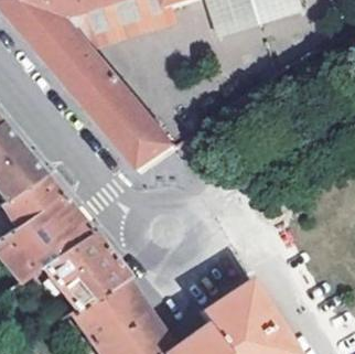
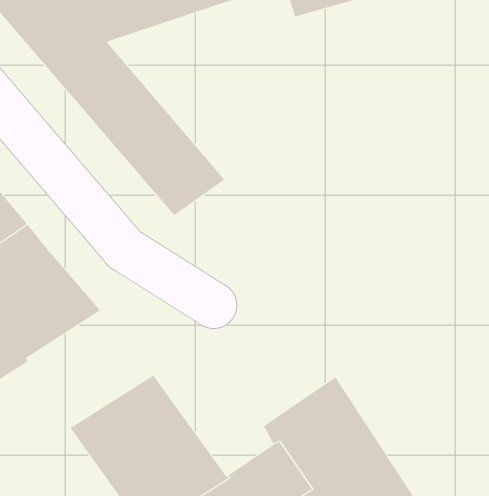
building: [42,229,127,304] -> none

